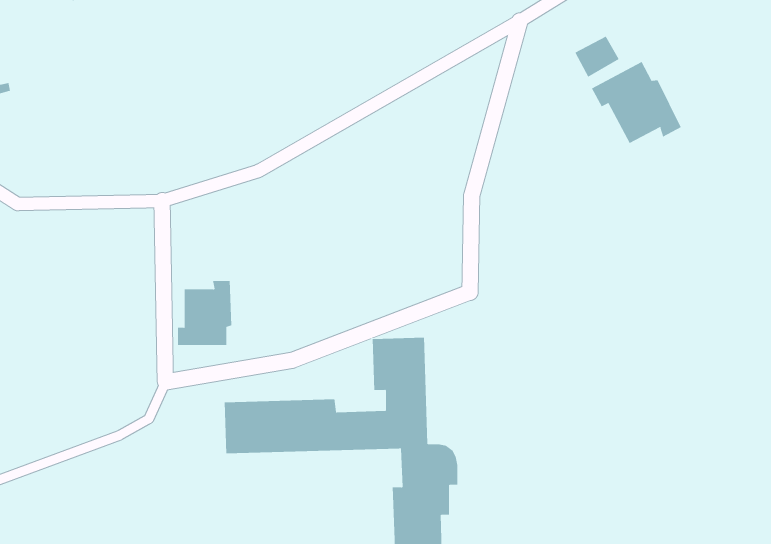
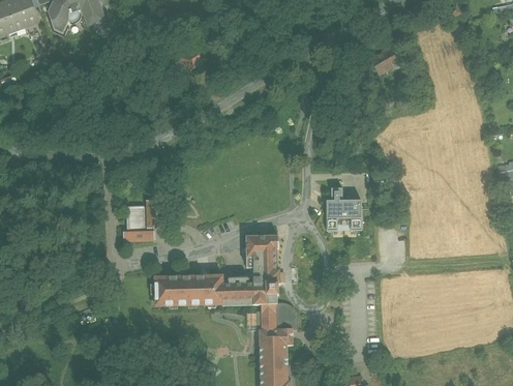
building: [591,61,681,144] -> none
building: none -> [328,189,363,232]

